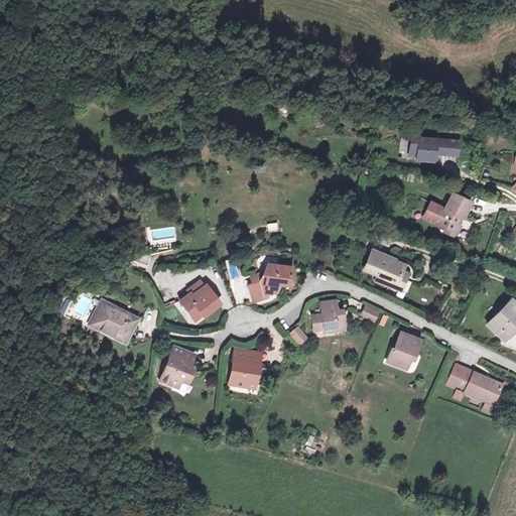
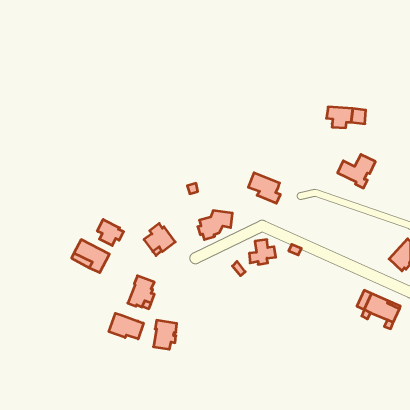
building: [366,251,406,289] -> [248,173,280,203]
building: none -> [97,219,124,246]
building: [388,332,421,369] -> none
building: [230,350,259,386] -> [153,320,177,349]
building: none -> [109,313,143,339]

